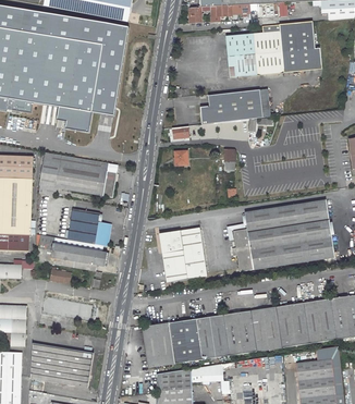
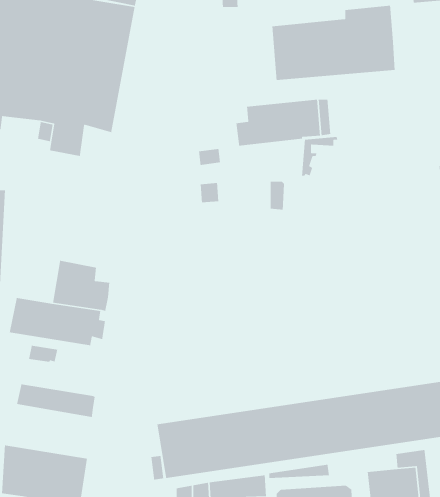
building: [37,152,114,197] -> none
building: [231,199,334,271] -> none
building: [159,228,206,282] -> none

